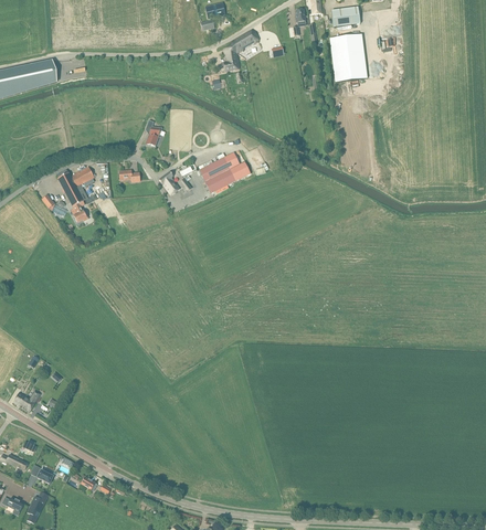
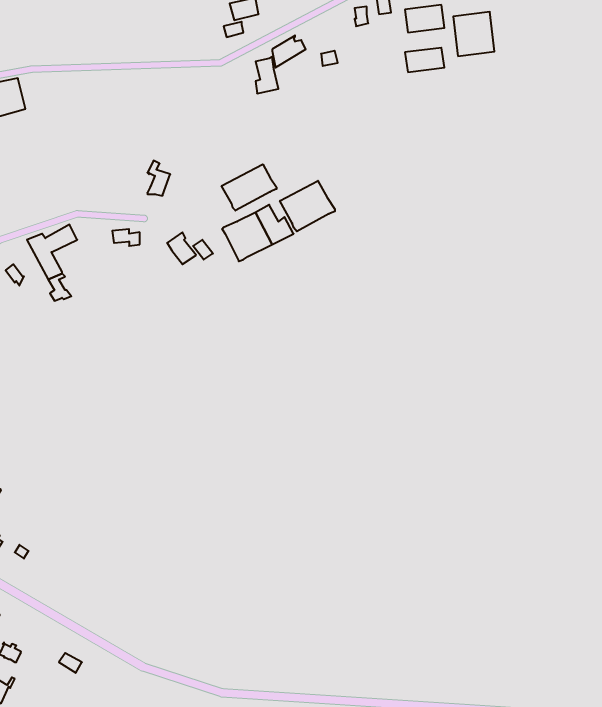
building: [334,52,363,84] -> [453,12,494,56]
building: none -> [222,164,277,211]
building: none -> [280,181,335,231]

